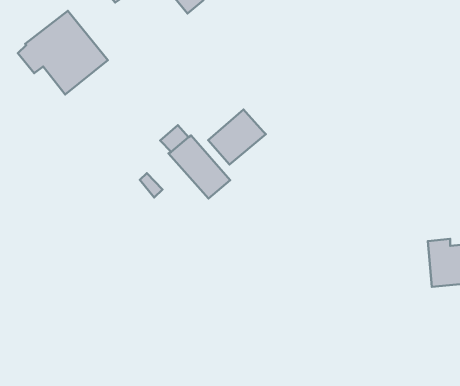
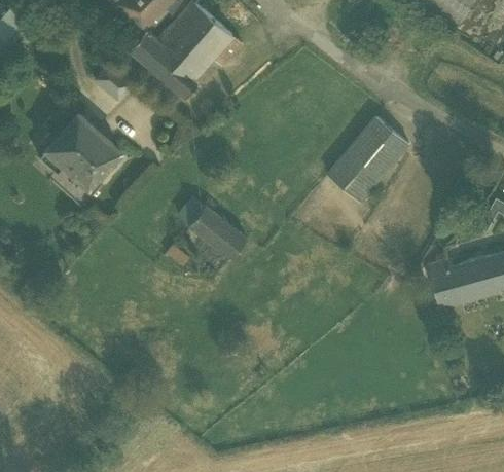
building: none -> [328,120,404,202]
building: [208,110,266,164] -> none

